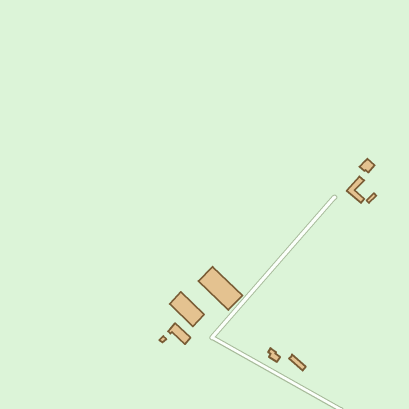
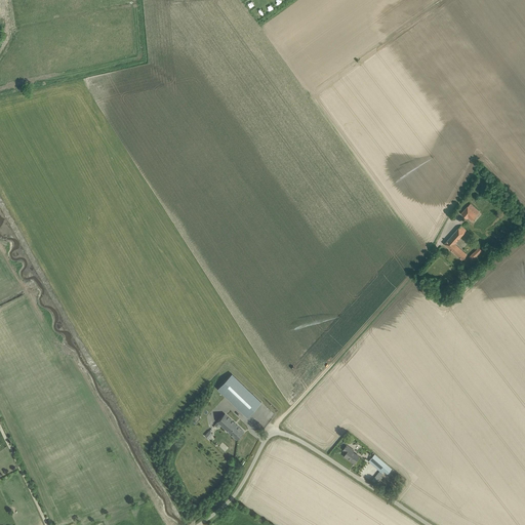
building: [198,267,242,310] -> none

